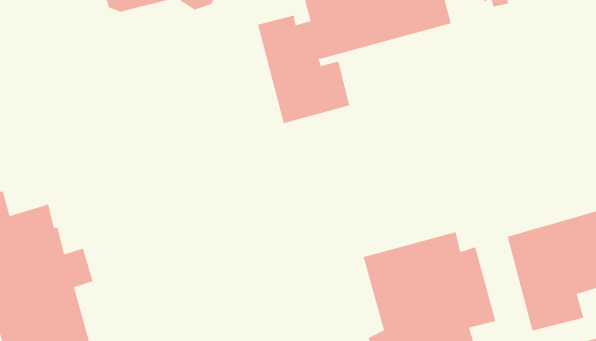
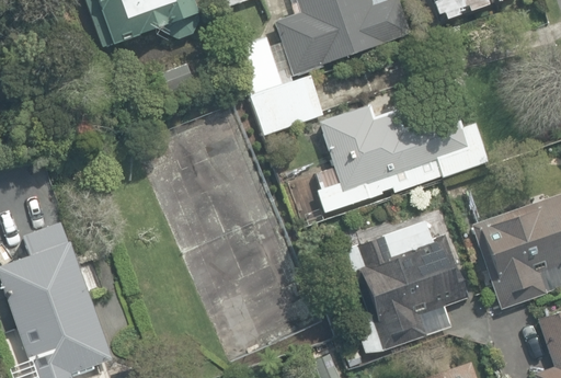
building: none -> [314,102,489,215]

